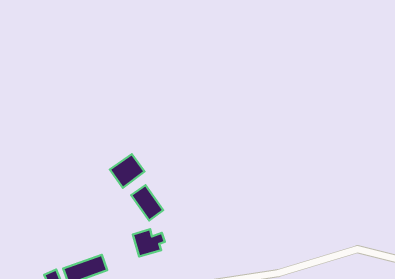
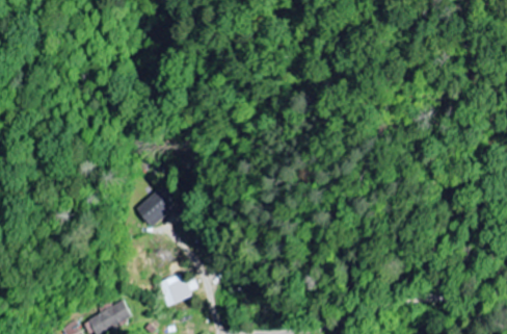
building: [131,185,163,220] -> none

